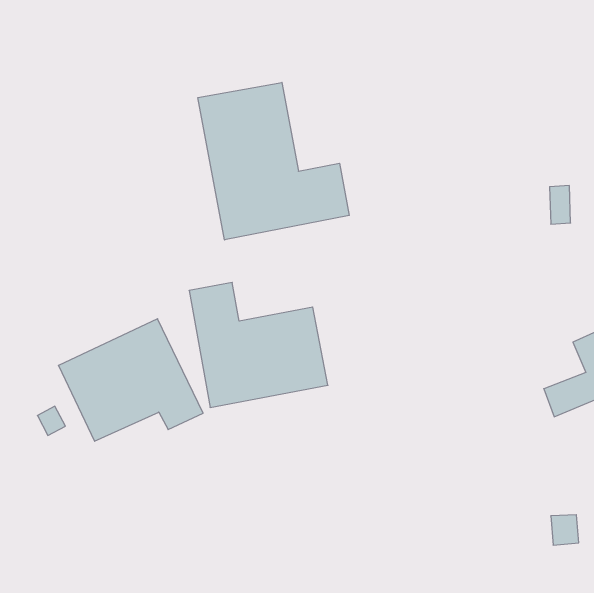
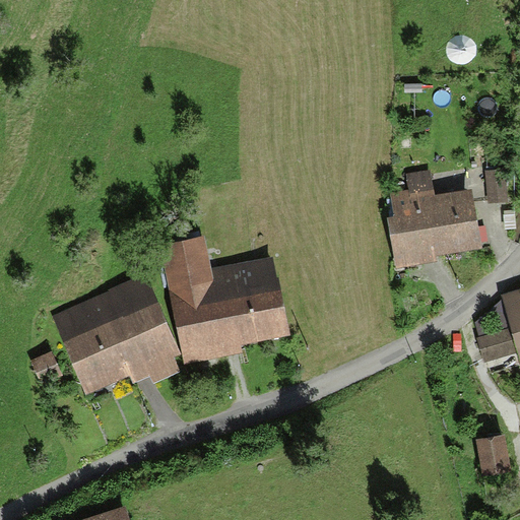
building: [198,82,349,240] -> none
building: none -> [385,177,480,261]

